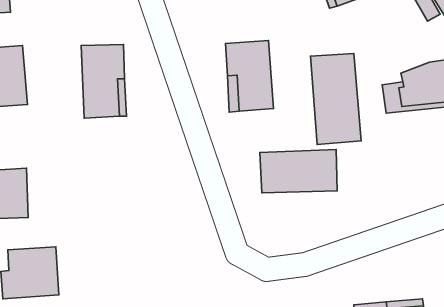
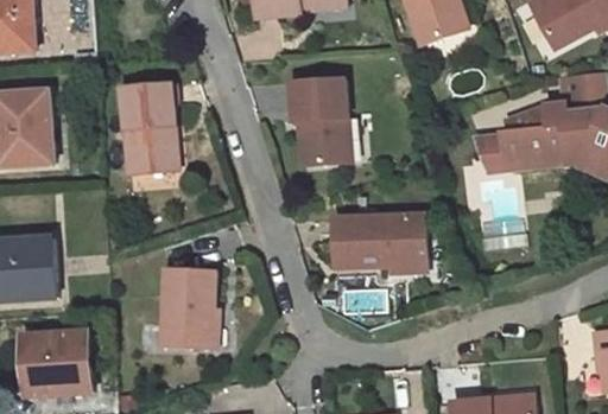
building: [311,53,361,145] -> none
building: none -> [162,273,215,349]

